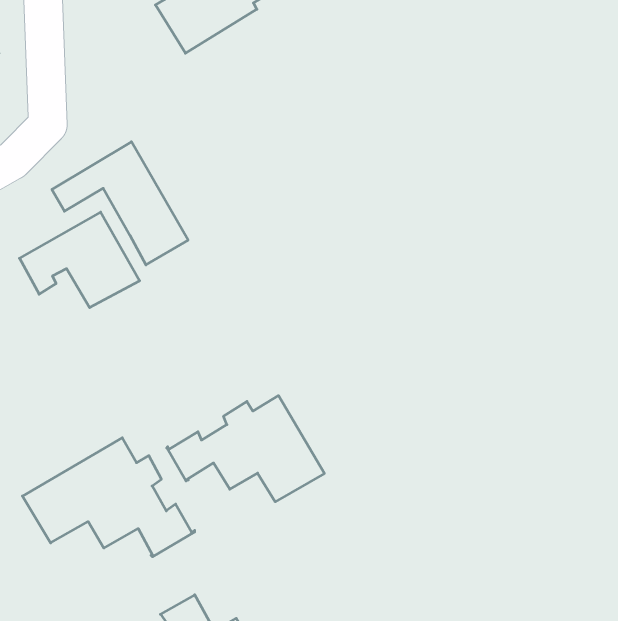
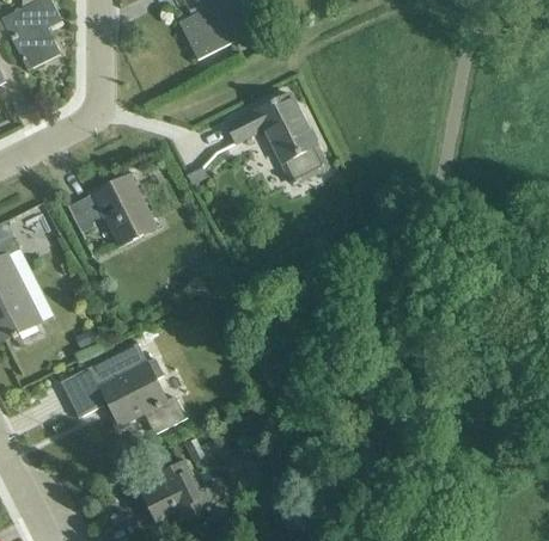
building: [52,142,188,265] -> [227,94,327,186]
building: [167,396,324,502] -> none

